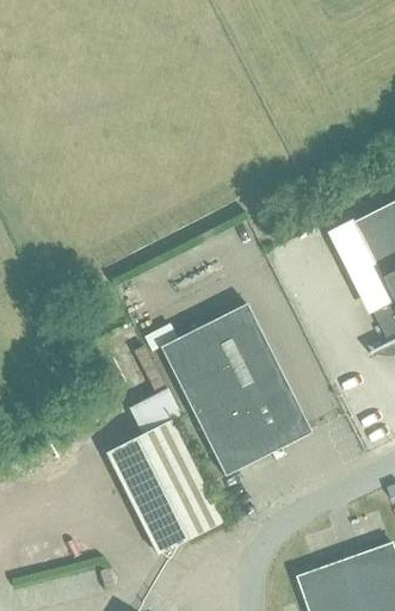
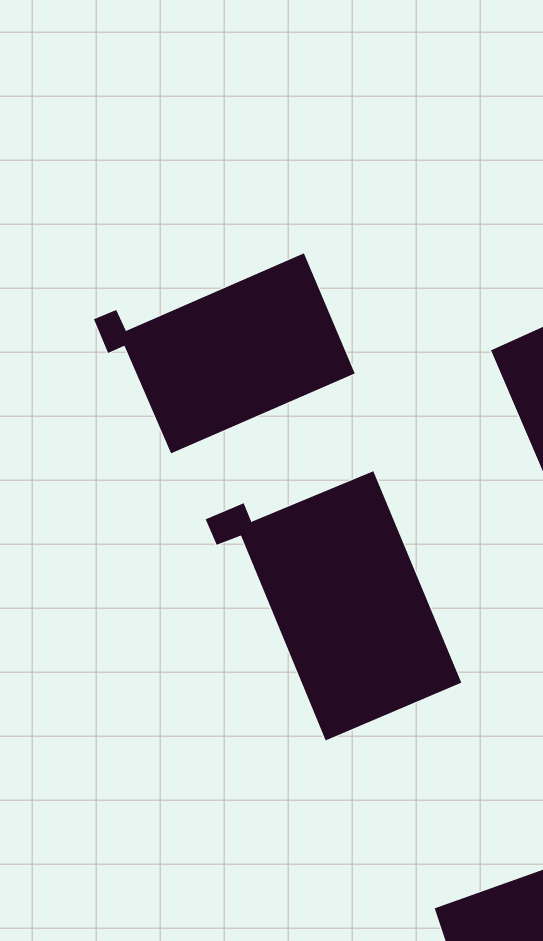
building: none -> [93,252,356,454]
building: [110,388,226,557] -> none

